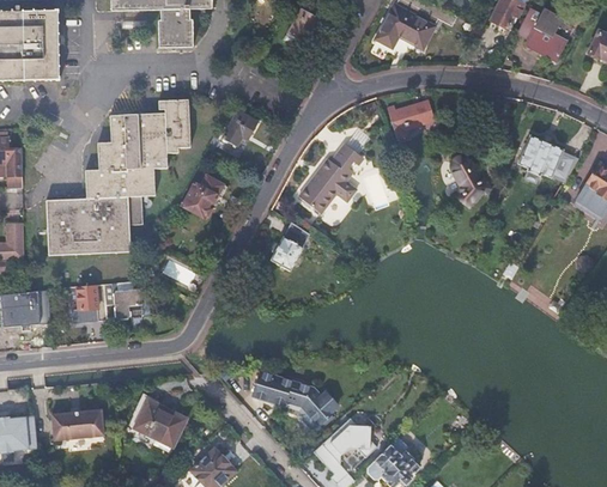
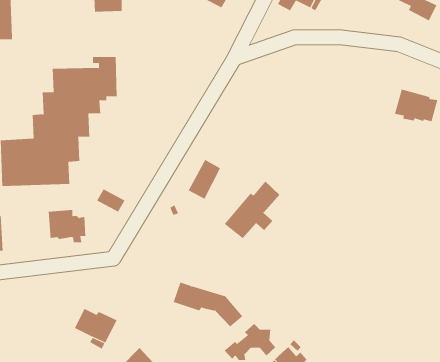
building: [388,99,431,138] -> none
building: [224,112,260,151] -> none
building: [295,147,362,217] -> [224,181,280,239]
building: [453,157,487,206] -> none
building: [182,176,227,218] -> none
building: [75,285,108,322] -> none
building: [54,407,104,437] -> none

